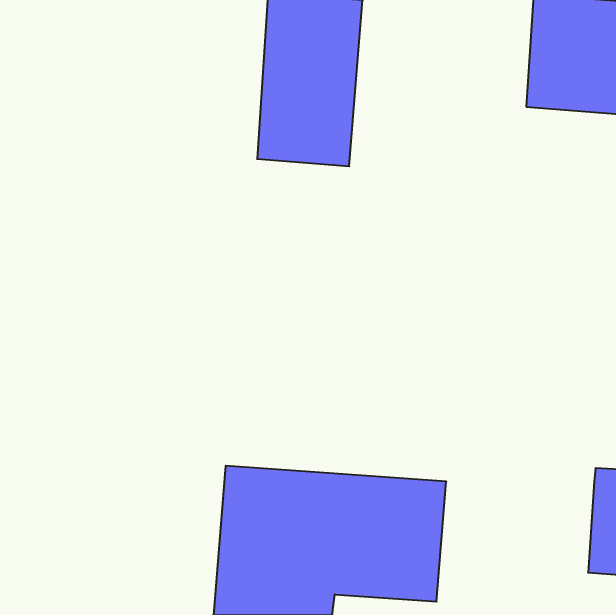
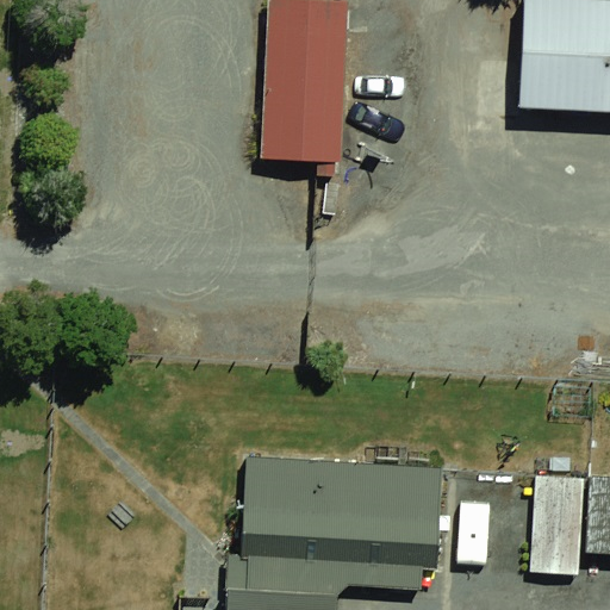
building: none -> [534,471,587,562]

